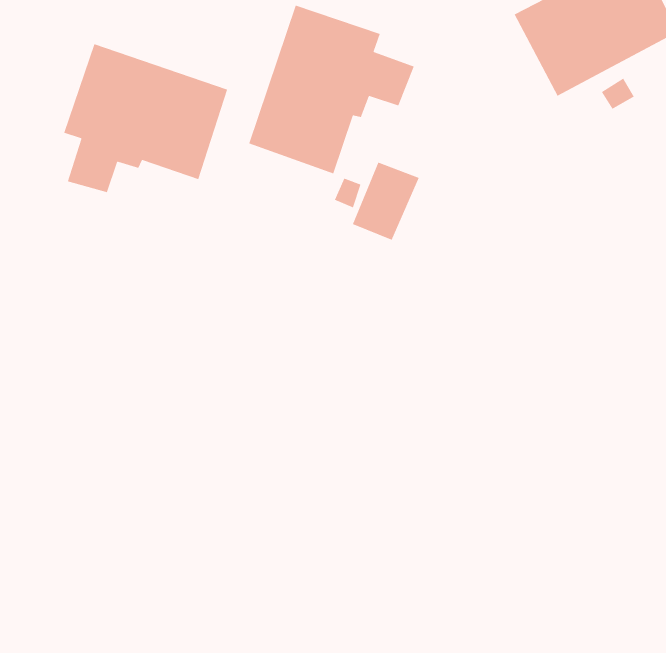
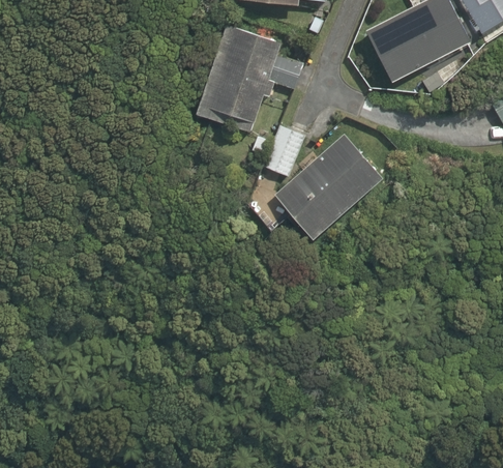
building: [63,43,228,193] -> none
building: none -> [273,133,384,239]

